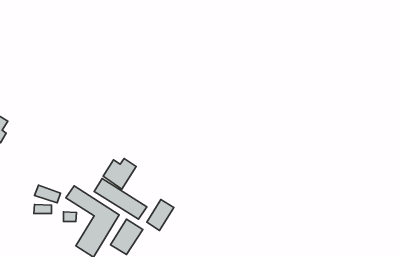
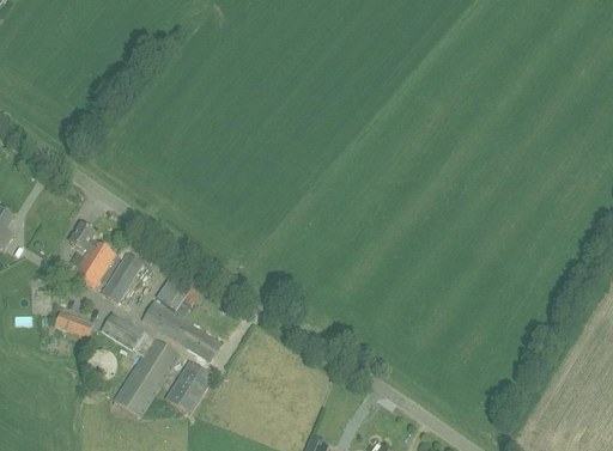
building: none -> [71,224,115,287]
building: none -> [101,251,144,303]
building: [147,199,174,231] -> none

